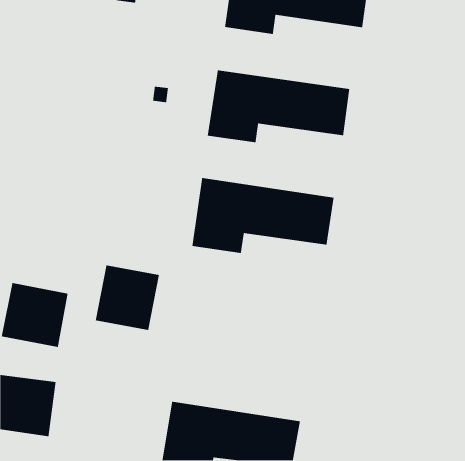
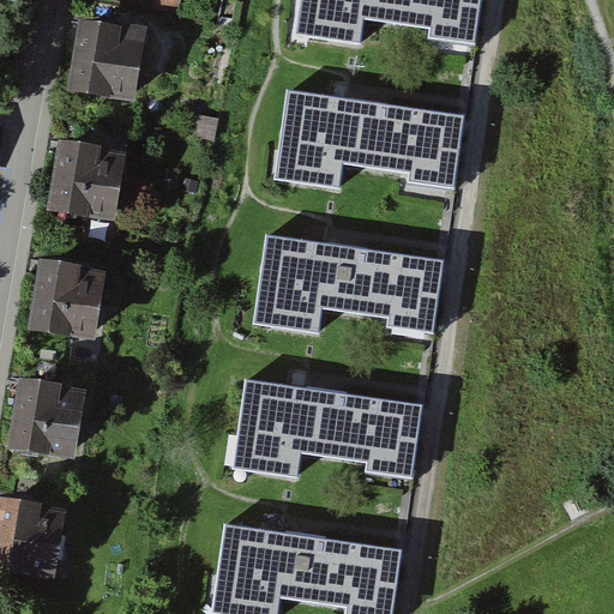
building: none -> [70,14,151,94]
building: none -> [43,134,127,215]
building: [95,264,160,331] -> [25,252,110,339]
building: none -> [231,381,417,482]

